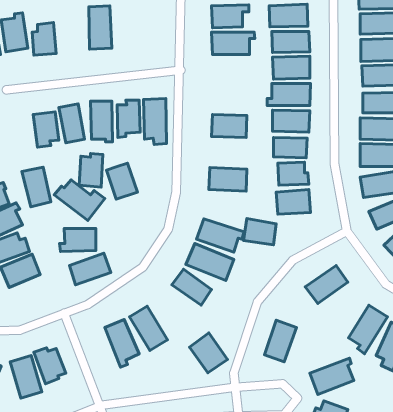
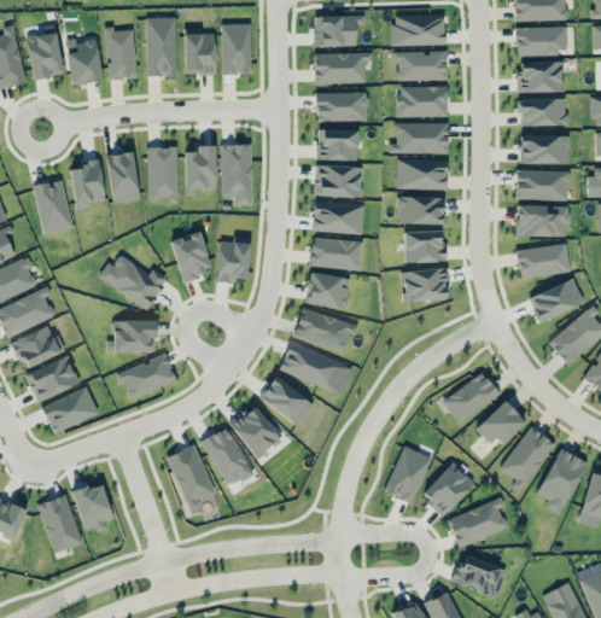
building: none -> [222,24,252,75]
building: none -> [105,27,138,80]
building: none -> [185,29,216,75]
building: none -> [316,92,368,121]
building: none -> [316,129,358,161]
building: none -> [313,203,363,233]
building: [79,154,103,187] -> [217,237,250,282]
building: [22,167,51,207] -> [33,180,72,234]
building: [243,218,276,245] -> [305,272,350,308]
building: none -> [42,386,99,435]
building: none -> [479,401,526,448]
building: none -> [422,462,474,514]
building: [189,333,227,373] -> [231,404,282,459]

